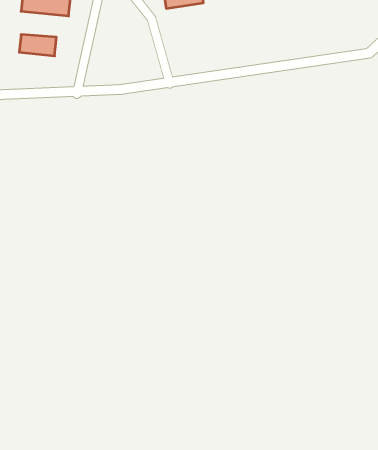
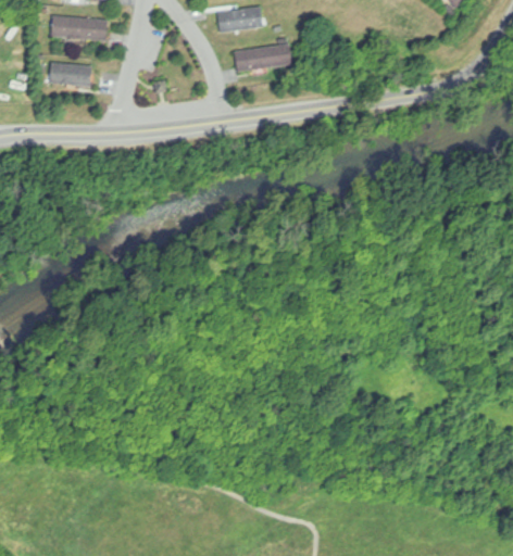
building: none -> [234,45,290,72]

